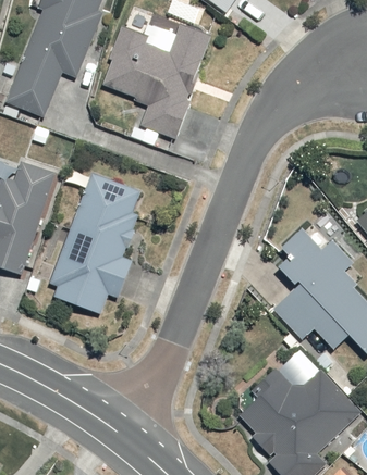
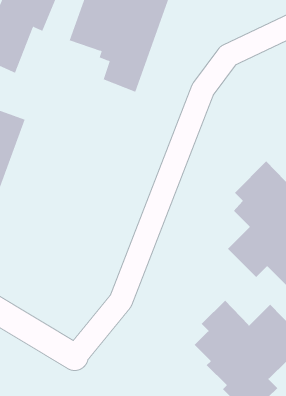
building: [49,173,140,315] -> none

